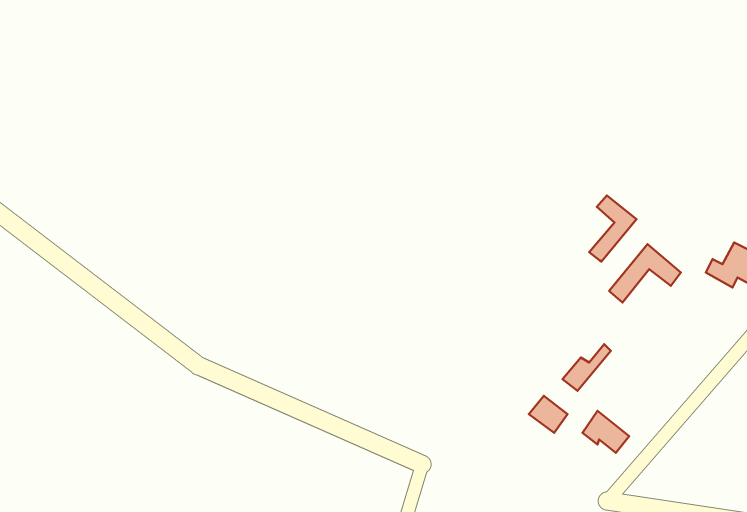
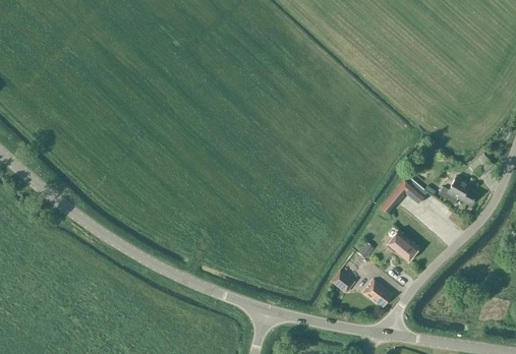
building: [589,196,636,262] -> none
building: none -> [386,229,420,261]

